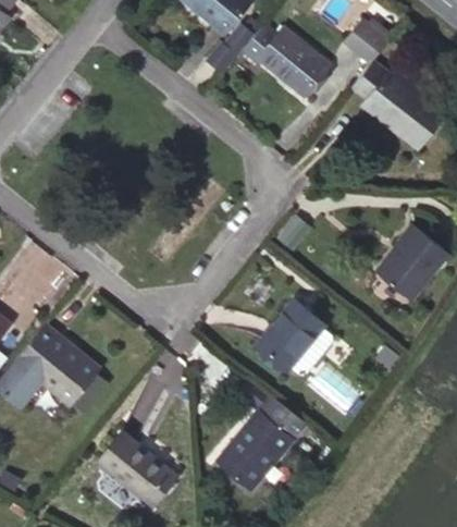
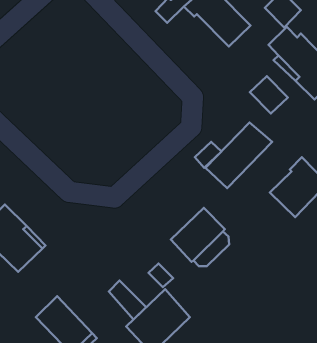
building: none -> [250,76,288,114]
building: none -> [206,123,272,188]
building: [257,393,306,440] -> [109,281,146,319]

